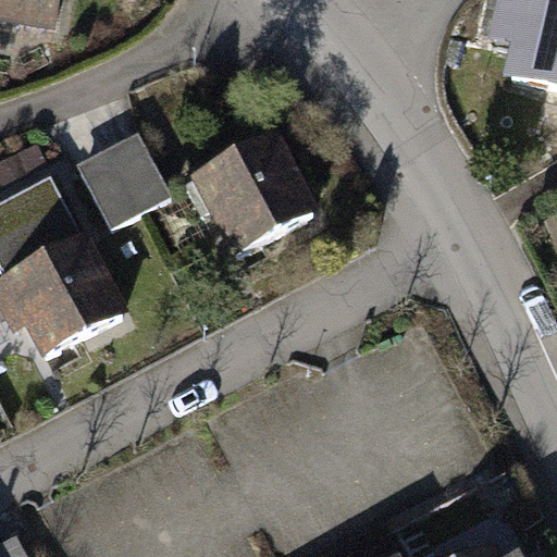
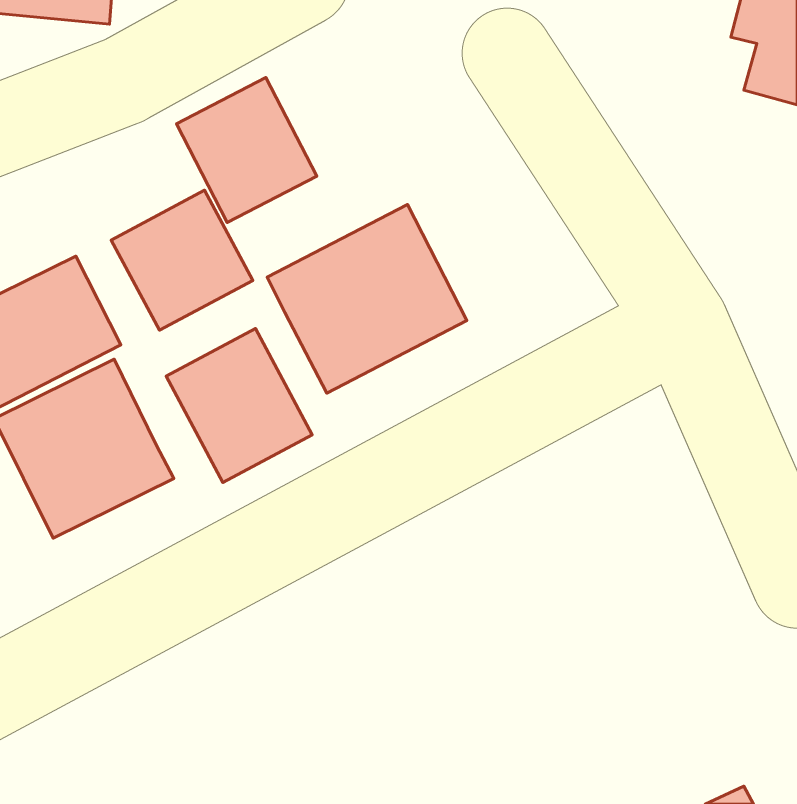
building: none -> [176,77,317,223]
building: none -> [166,328,312,482]

